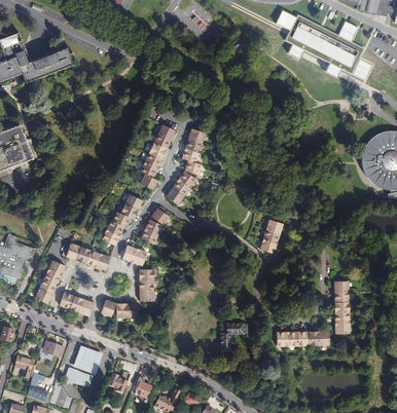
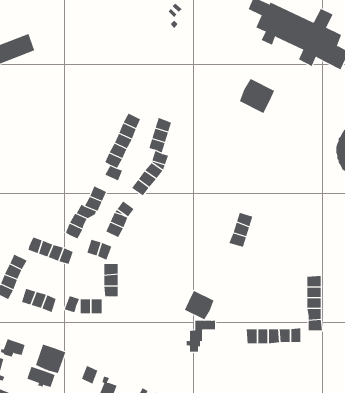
building: none -> [239,78,275,114]
building: none -> [184,290,214,320]

